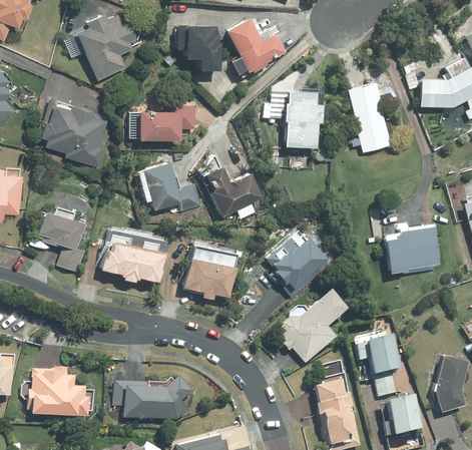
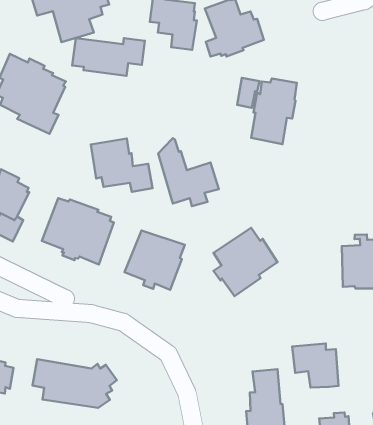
building: [349,83,392,152] -> none
building: [130,106,195,141] -> [72,38,145,76]
building: [282,289,350,363] -> none
building: [374,370,396,396] -> none

